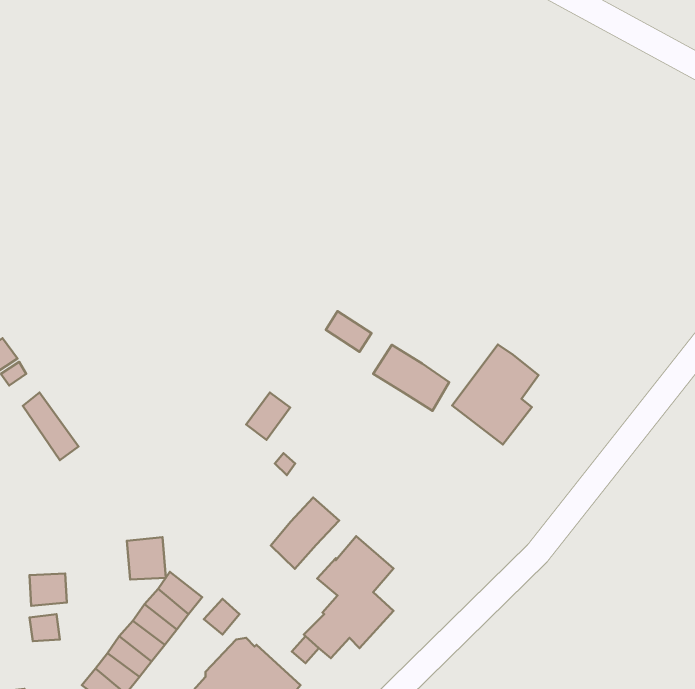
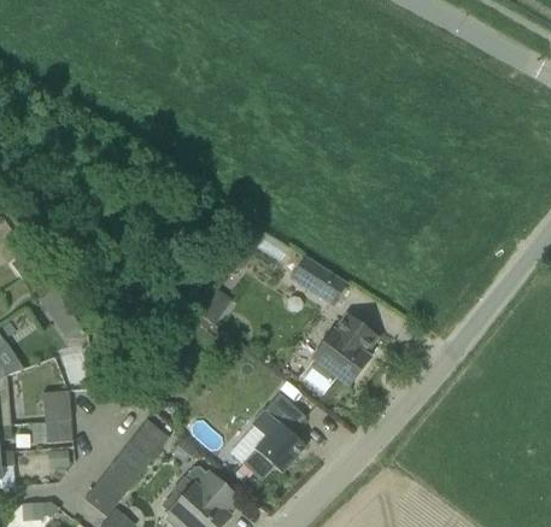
building: [452,345,538,445] -> [312,314,374,385]
building: [271,498,339,569] -> none
building: [127,537,166,580] -> [43,391,71,421]

